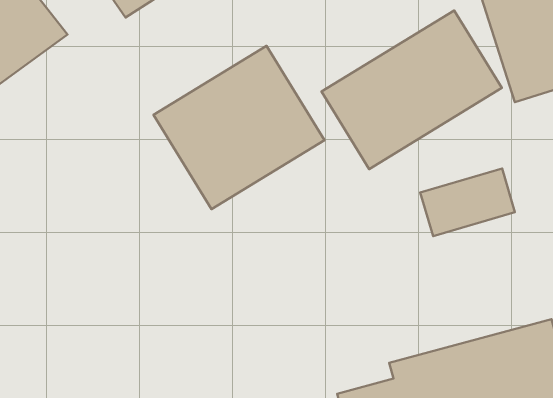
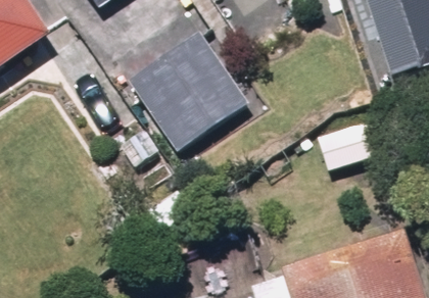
building: [322,10,502,169] -> none

